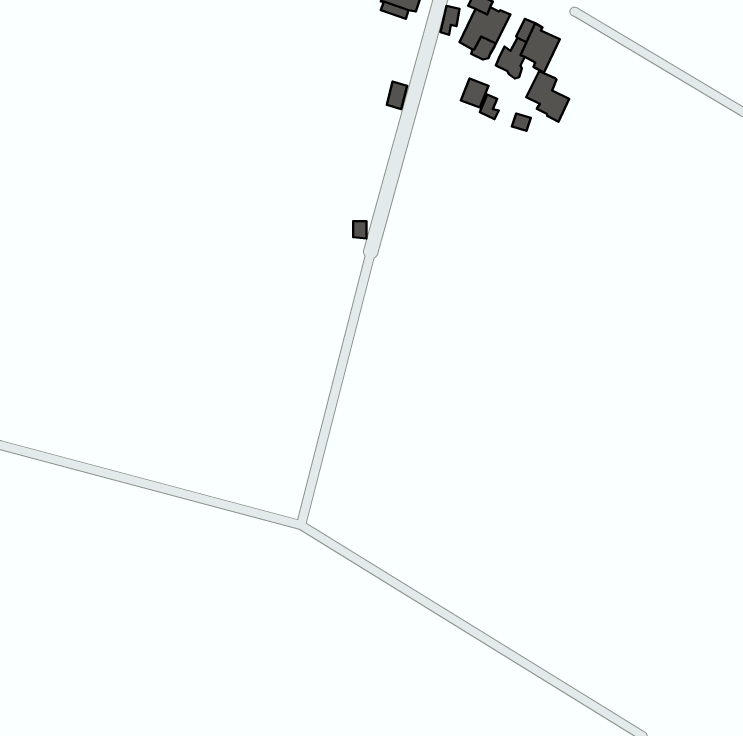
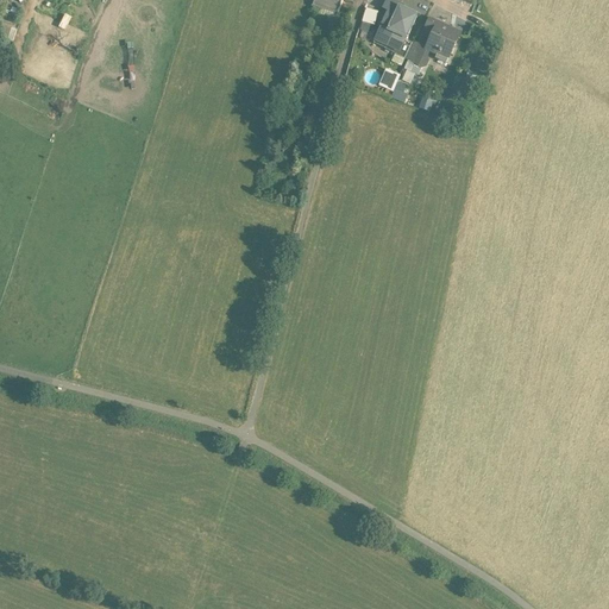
building: [526,71,569,122] -> none

